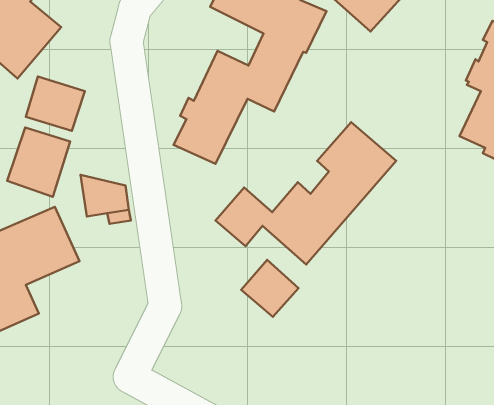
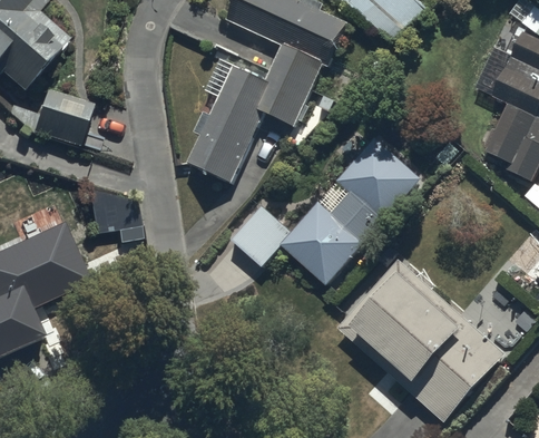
building: [7,127,70,197] -> none
building: none -> [337,260,502,419]
building: [241,260,299,317] -> none

